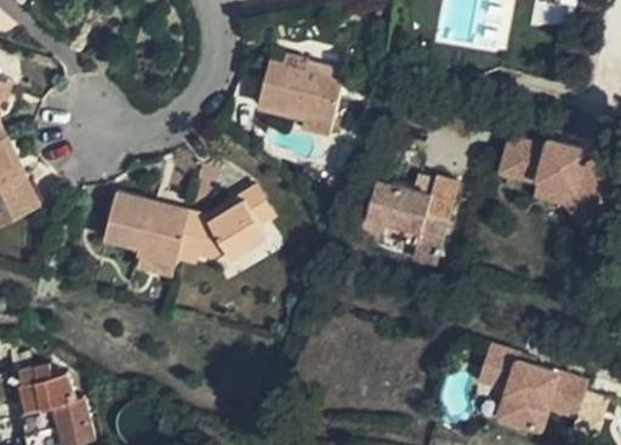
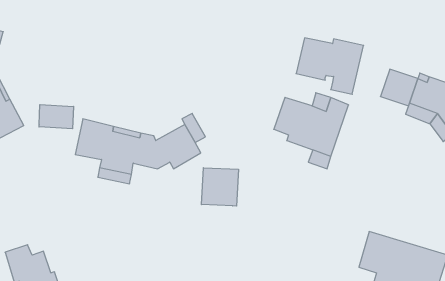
building: [258,64,346,137] -> [296,38,364,94]
building: none -> [39,105,74,129]
building: none -> [201,168,238,206]

